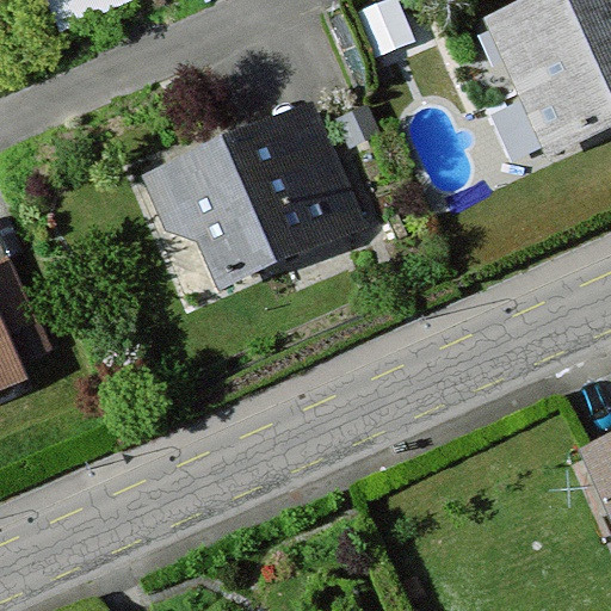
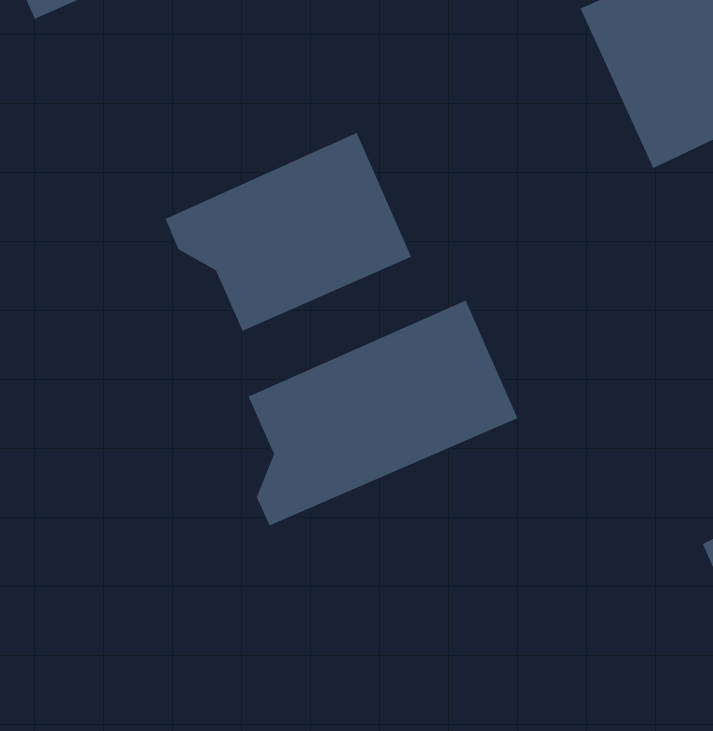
building: none -> [248,300,519,526]

